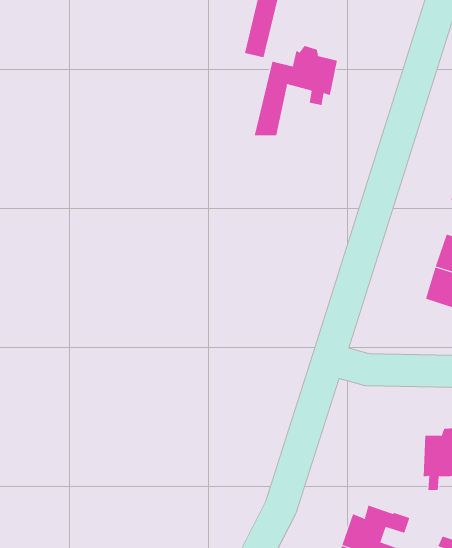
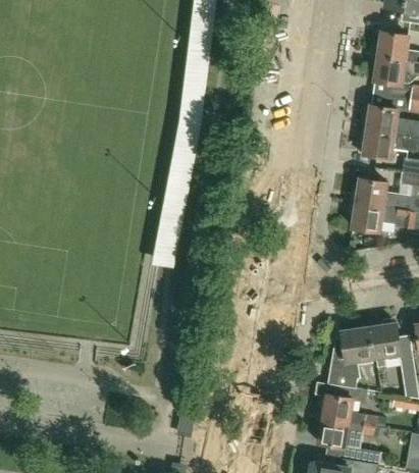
building: [254,45,338,136] -> none
building: none -> [326,327,372,388]

